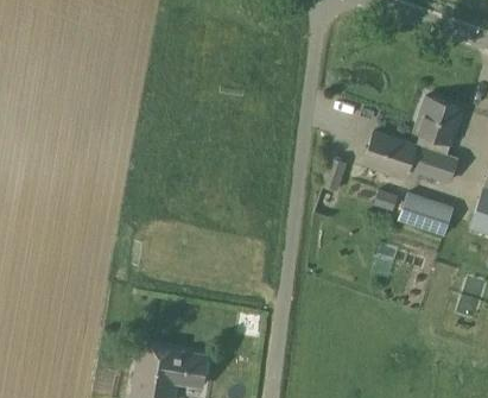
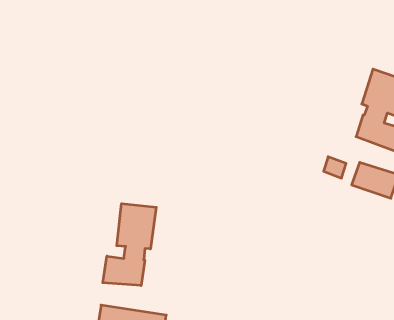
building: [363,129,416,175] -> none
building: none -> [103,204,156,286]

